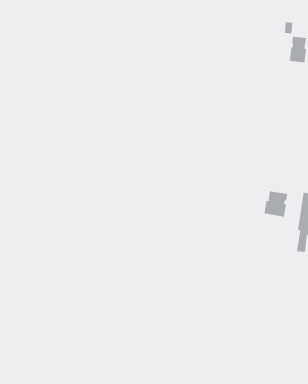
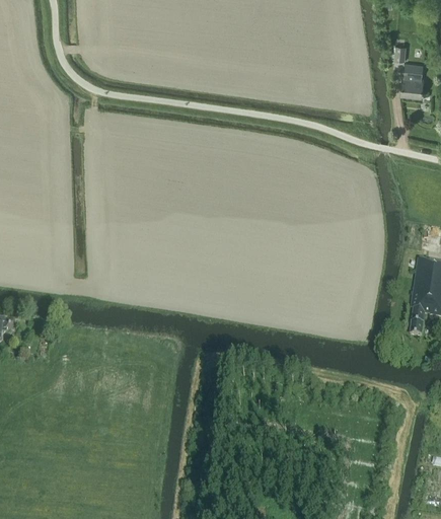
building: [264,190,288,217] -> none

